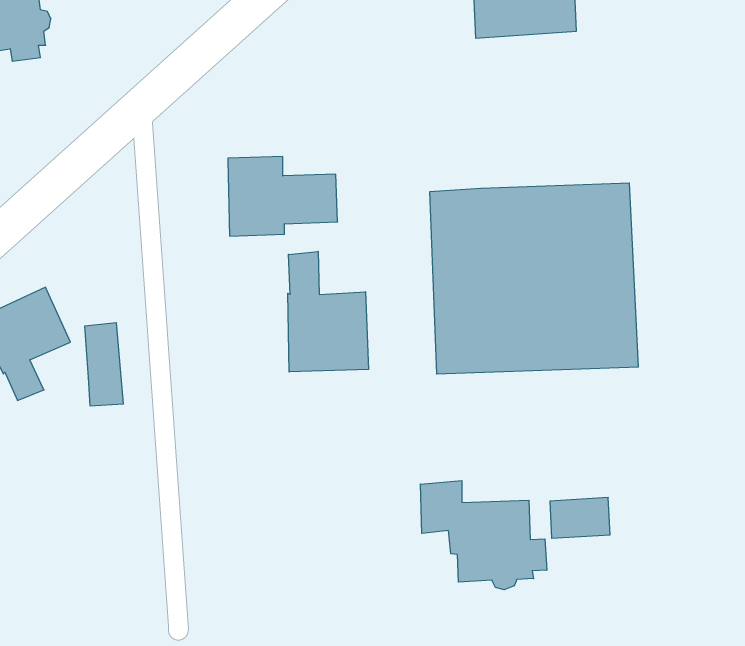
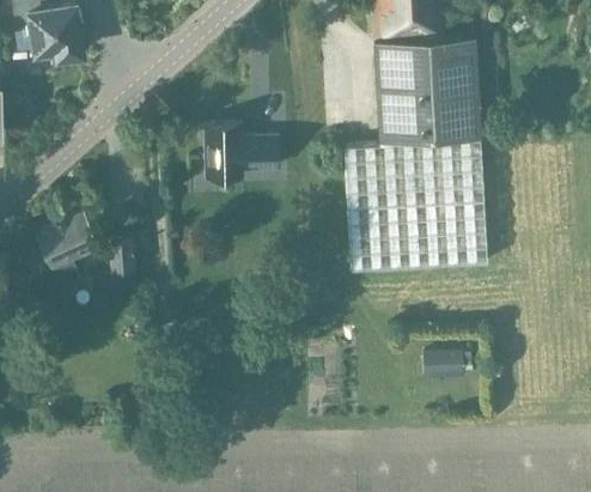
building: none -> [374,35,479,144]
building: [288,251,368,372] -> none
building: [420,481,547,590] -> none

